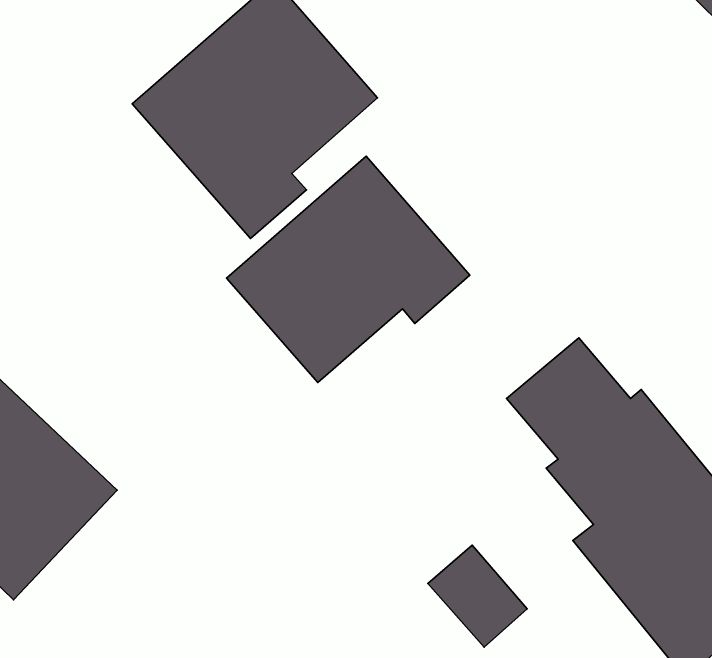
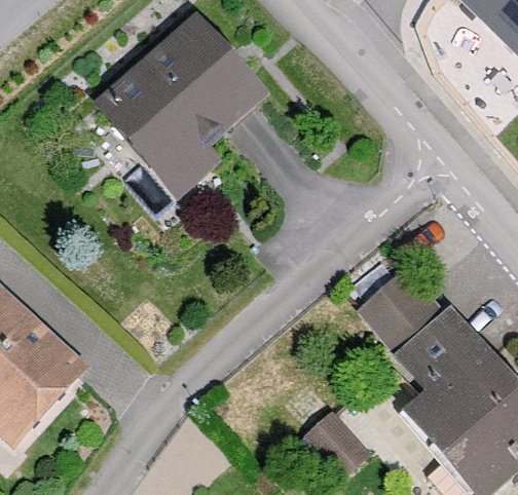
building: [227,156,470,383] -> none

